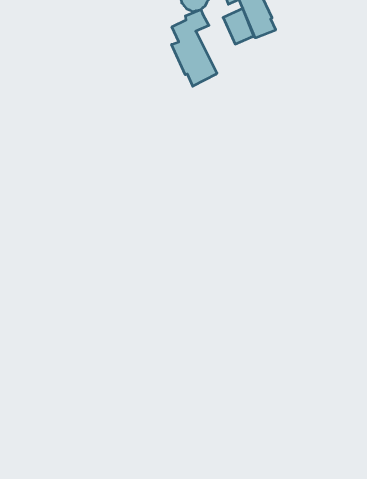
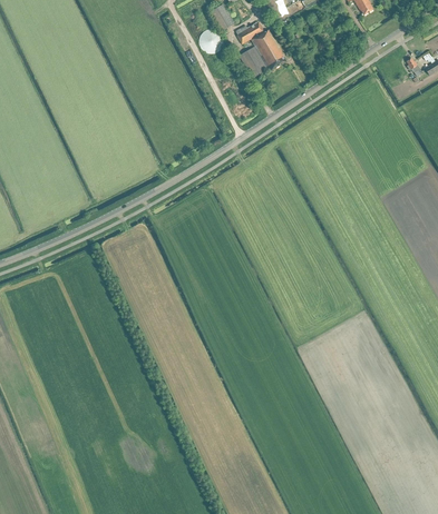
building: [172,10,217,86] -> none

